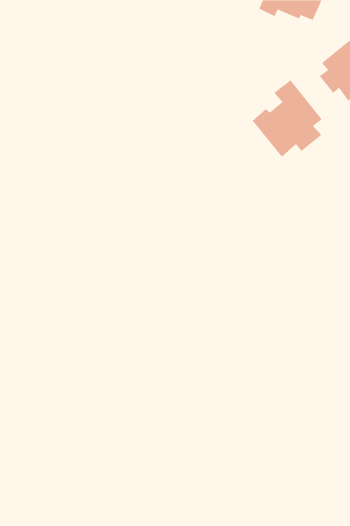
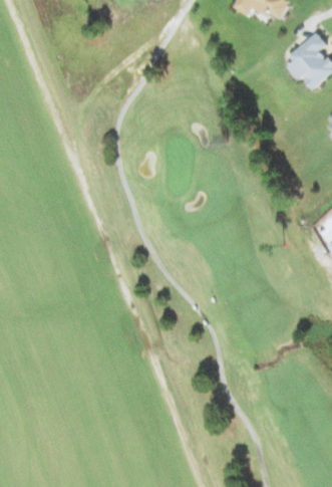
building: [252,79,322,157] -> none

